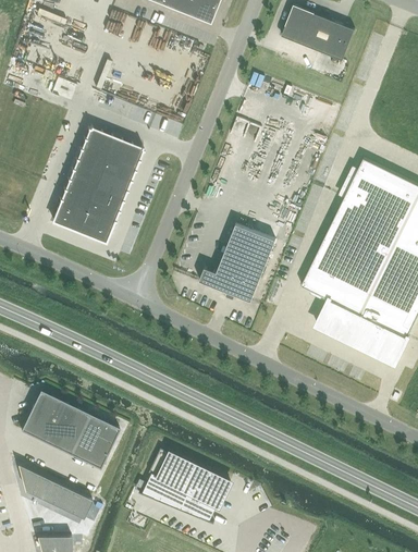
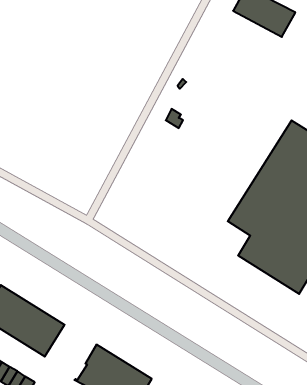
building: [53,126,144,242] -> none
building: [199,224,275,302] -> none

